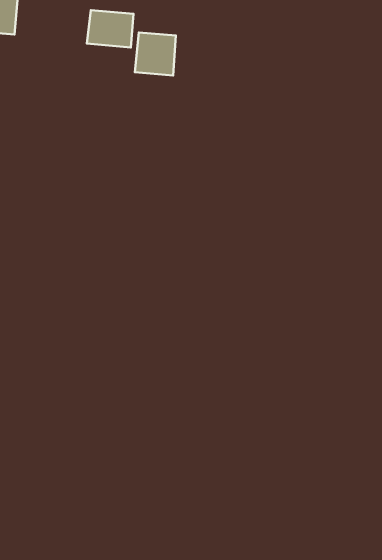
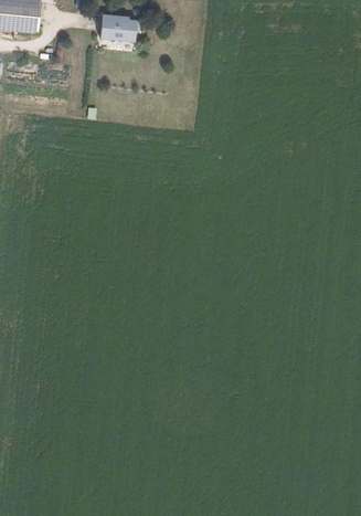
building: [135,32,176,75] -> none

